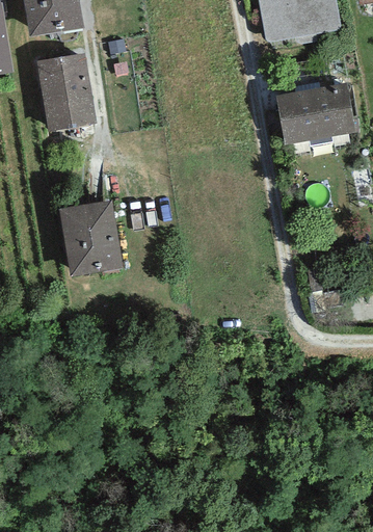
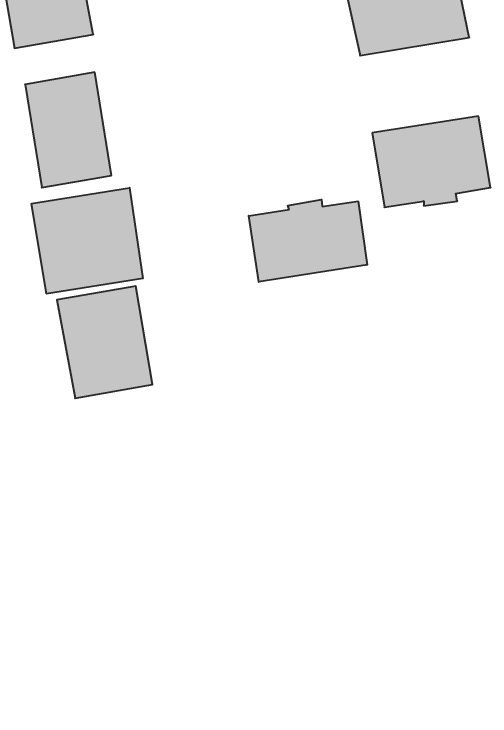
building: none -> [32,188,143,294]
building: none -> [249,200,367,282]

